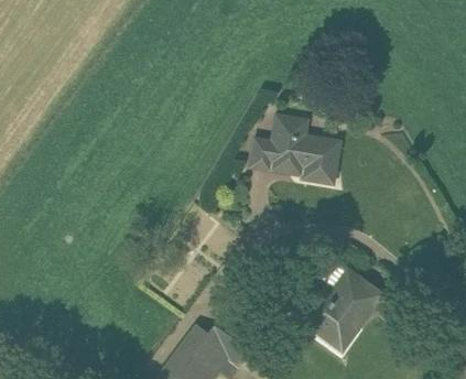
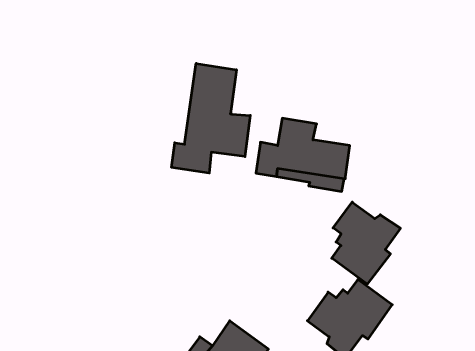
building: none -> [172,63,250,173]
building: none -> [332,202,400,284]

